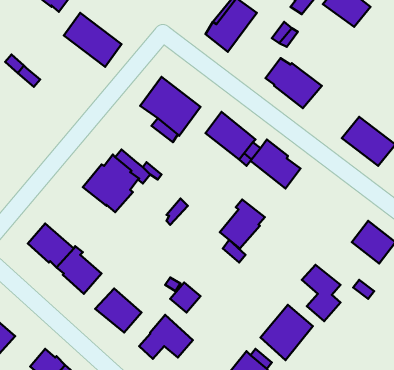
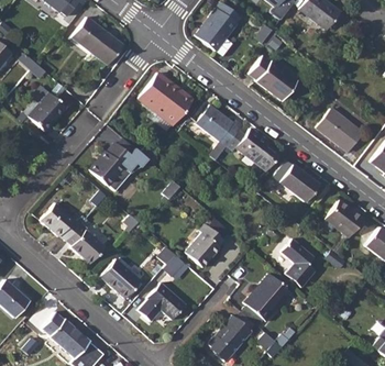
building: none -> [29,92,67,132]
building: none -> [279,164,319,201]
building: [220,200,265,248] -> [186,224,226,267]

